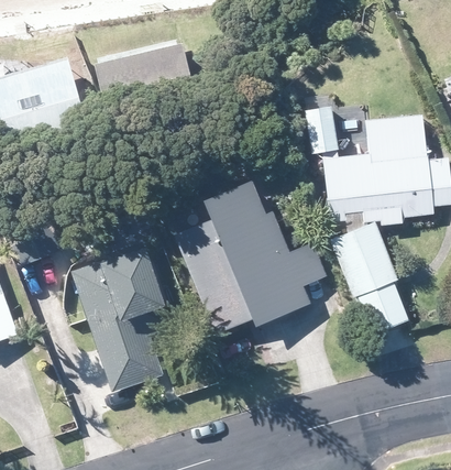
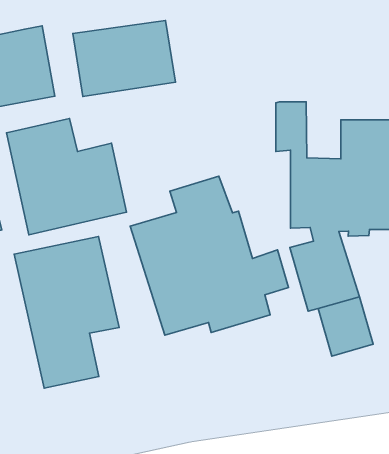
building: none -> [6,119,126,235]

